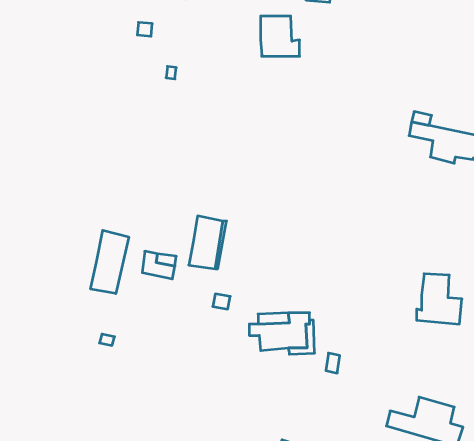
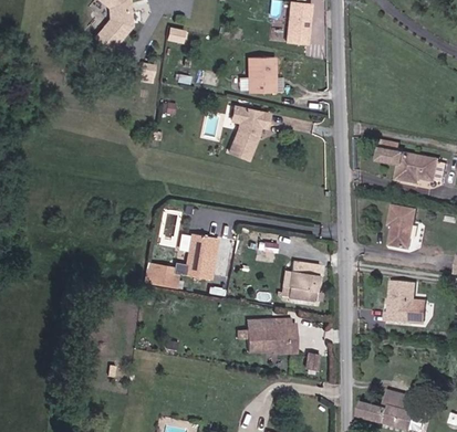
building: none -> [228,105,270,159]
building: none -> [388,207,416,251]
building: [91,230,129,294] -> none
building: none -> [287,261,319,301]

